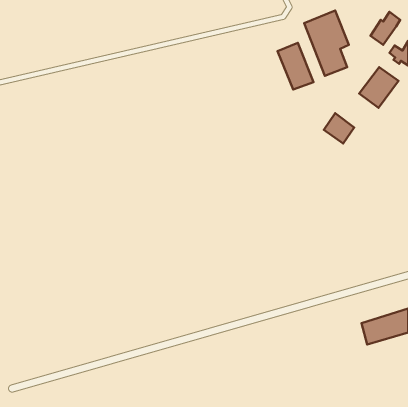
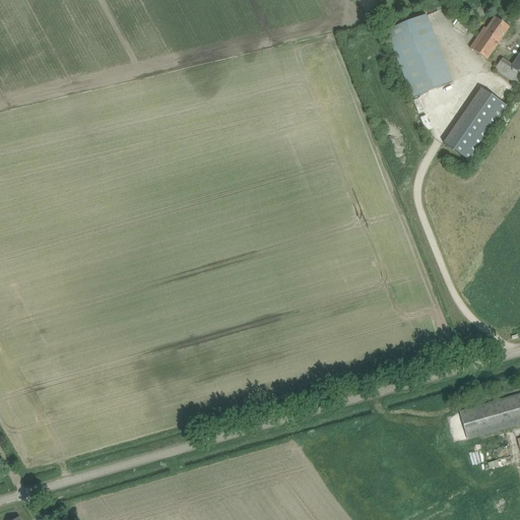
building: [278,43,313,89] -> none
building: [324,113,354,143] -> [442,119,480,157]

